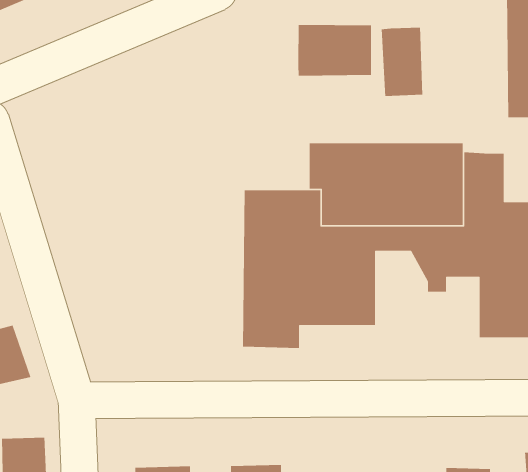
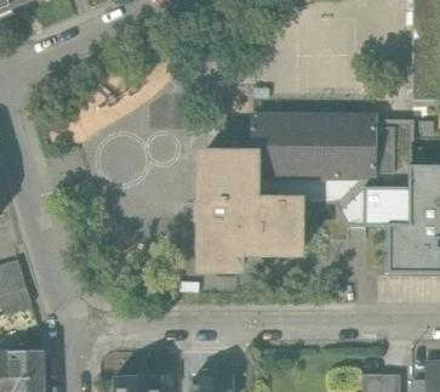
building: [297,24,372,76] -> none
building: [381,27,423,97] -> none

